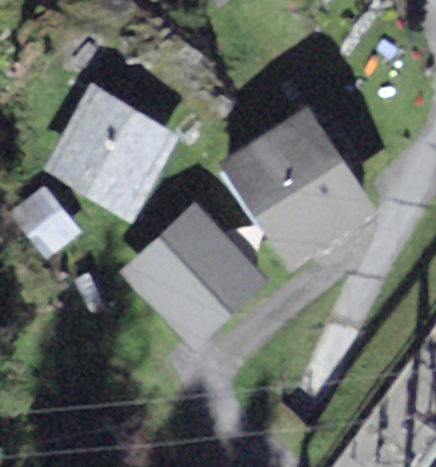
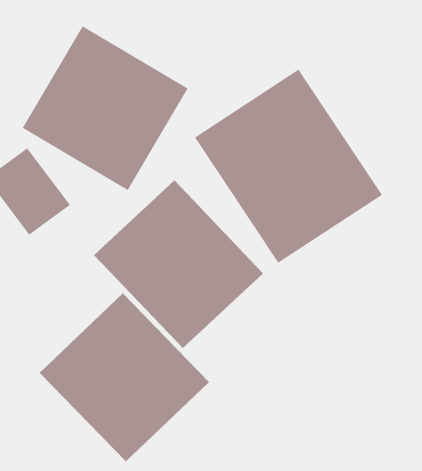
building: none -> [39,293,210,462]

